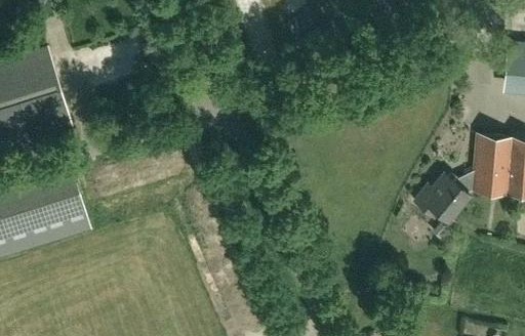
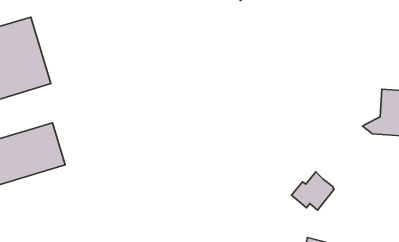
building: [415,172,468,219] -> [292,172,334,210]

